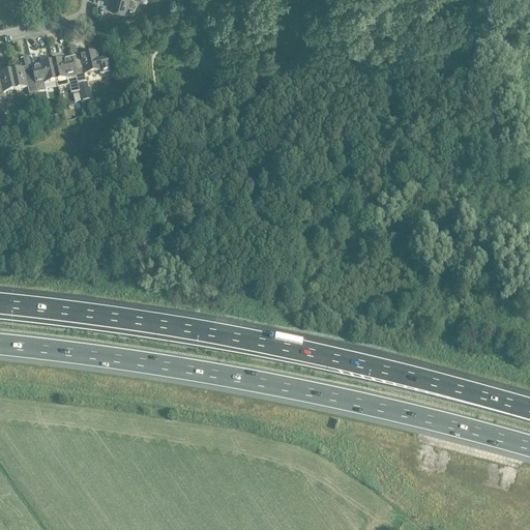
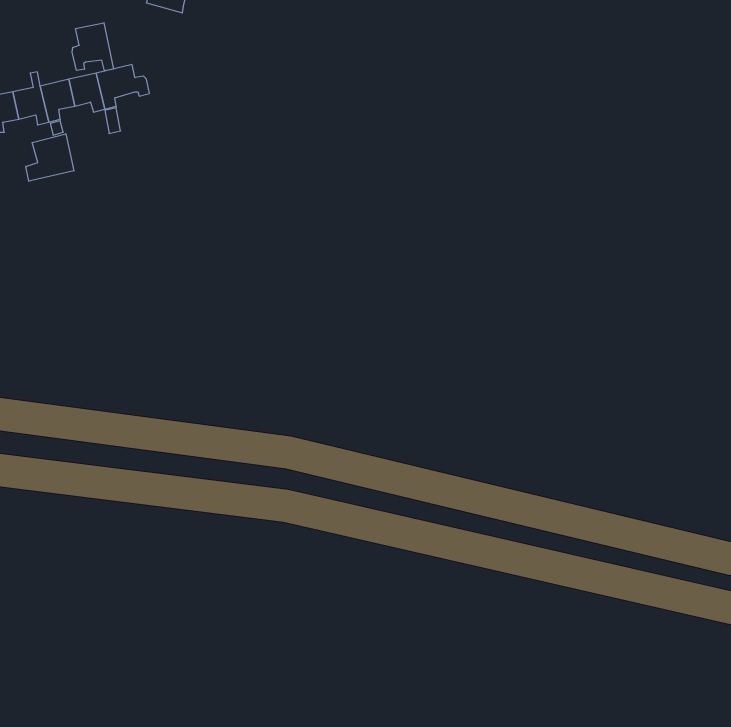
building: none -> [72,23,114,71]
building: none -> [26,134,74,181]

